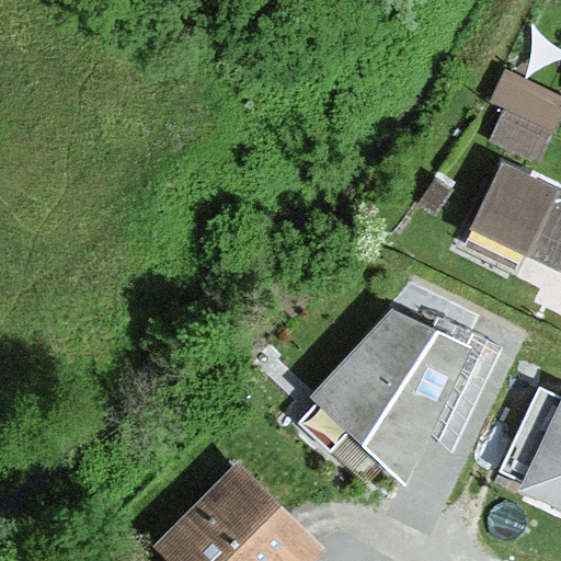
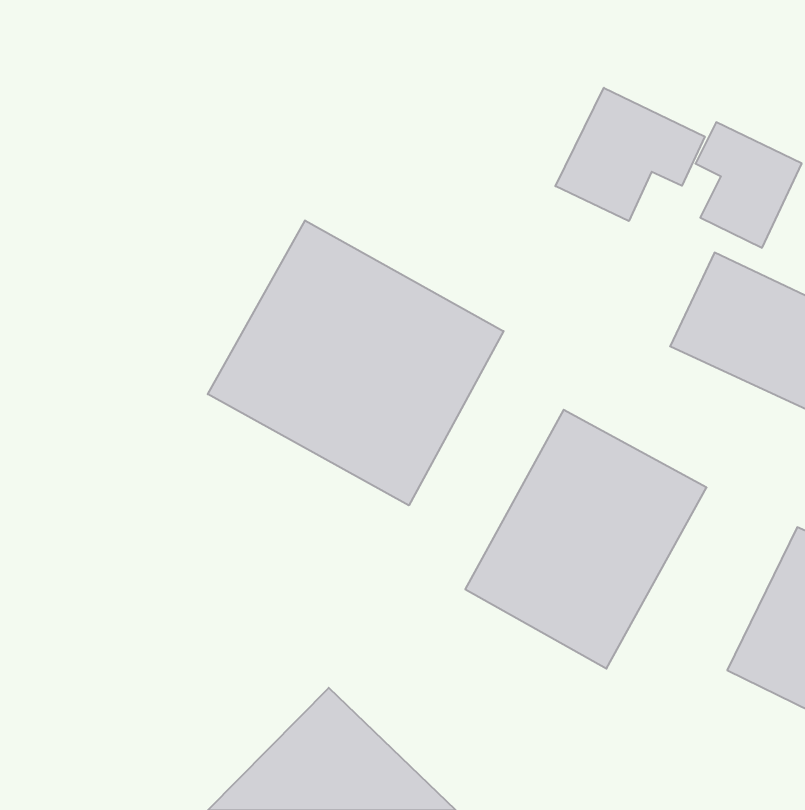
building: none -> [555,88,705,221]
building: none -> [208,220,504,505]

